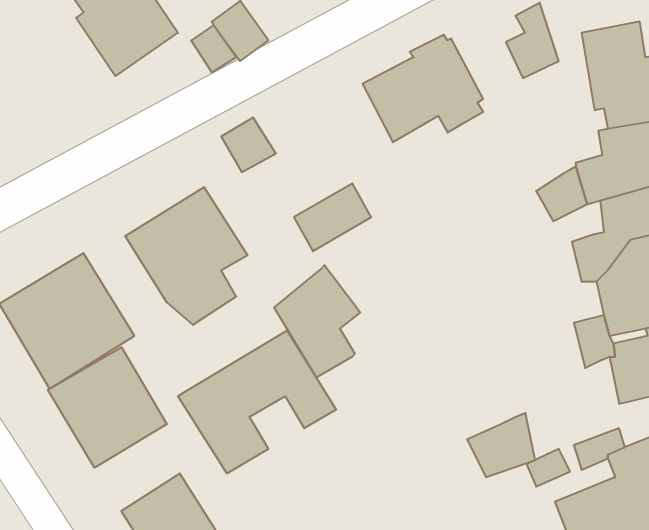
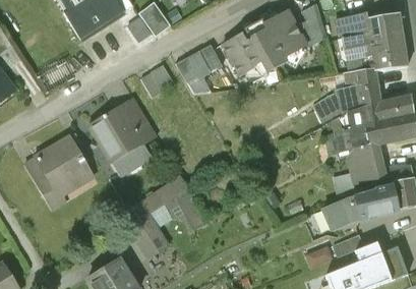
building: none -> [268,11,306,55]
building: [294,183,371,251] -> [178,44,220,80]
building: [274,265,360,377] -> none
building: [48,347,167,468] -> none
building: [467,413,535,477] -> [321,194,358,229]

